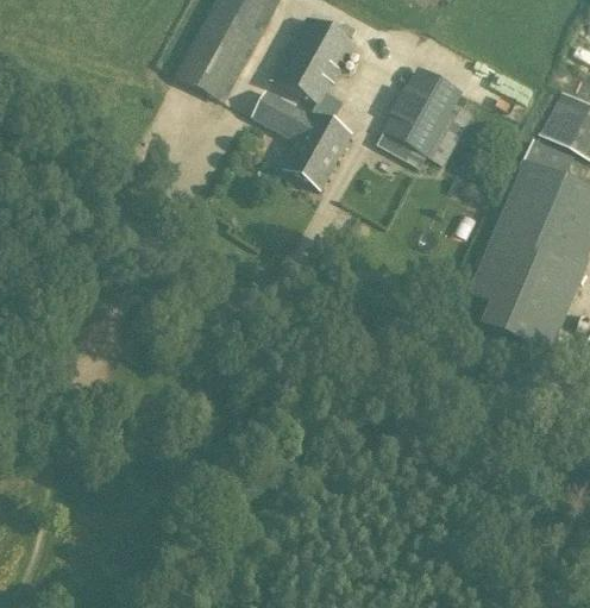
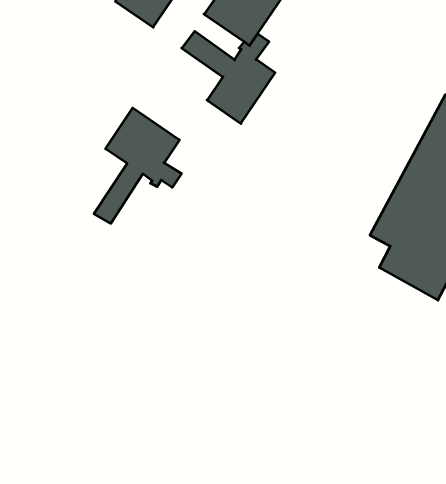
building: [383,67,464,157] -> none
building: none -> [94,108,181,223]

